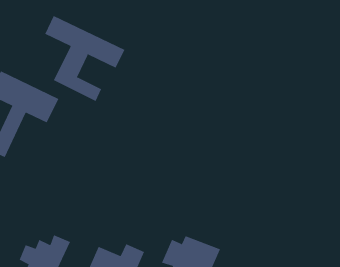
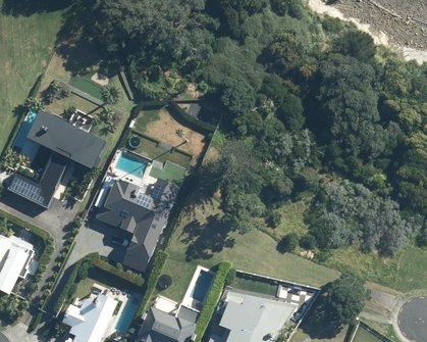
building: [44,15,125,102] -> none
building: none -> [95,177,180,273]

